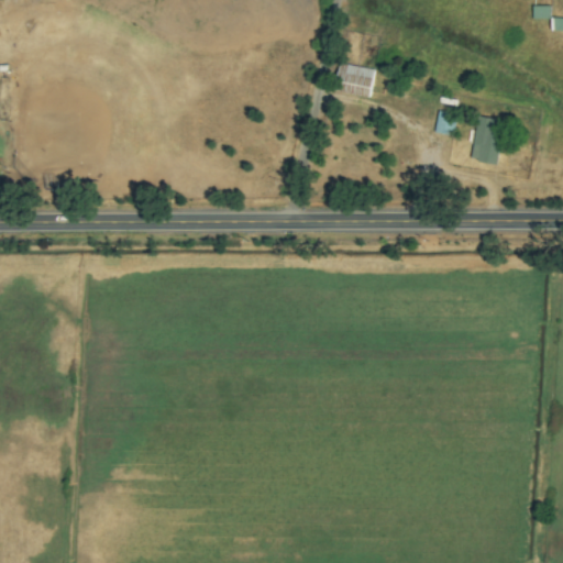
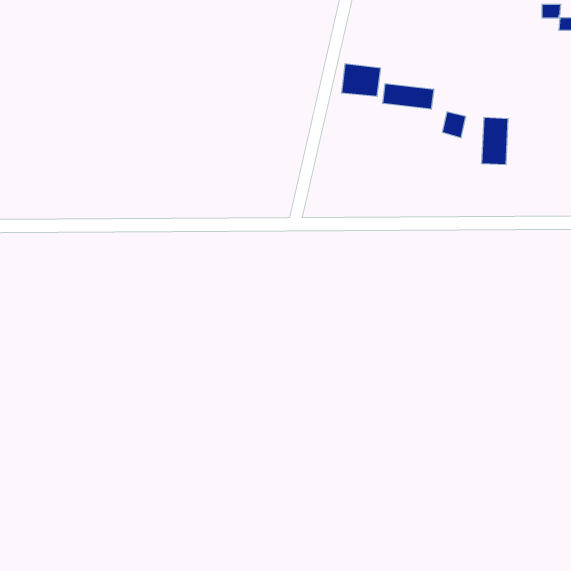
building: none -> [383,84,434,109]

